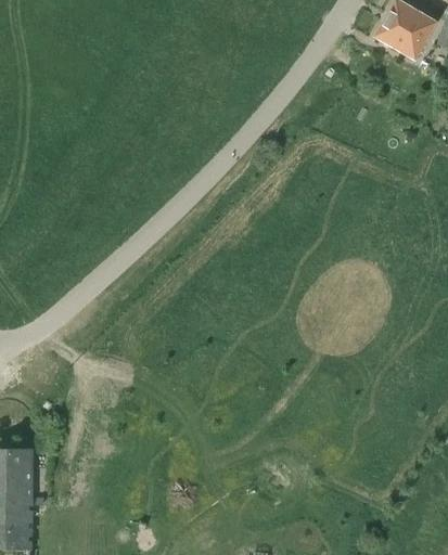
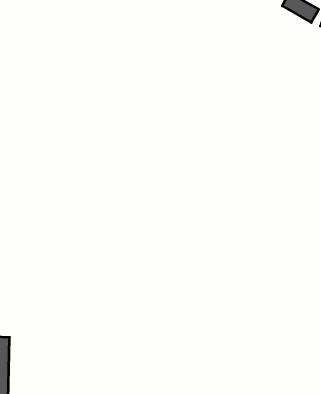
building: [376,17,424,56] -> none

